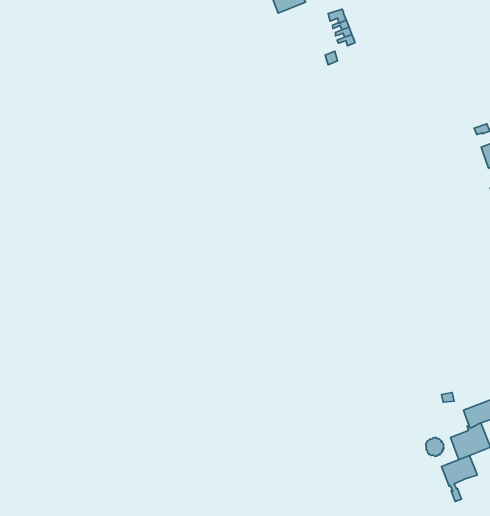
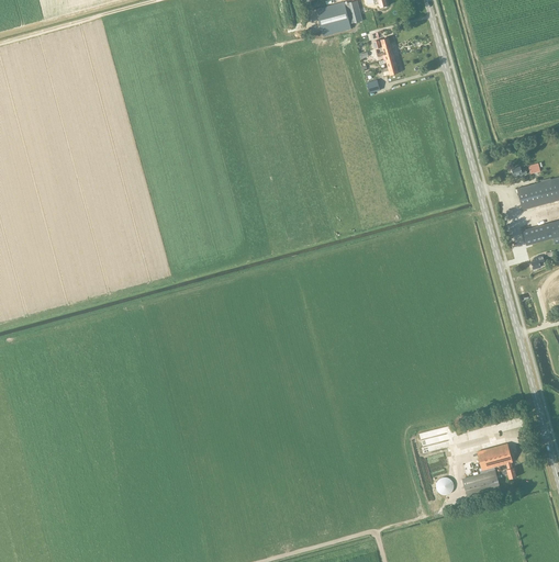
building: [441,456,477,501] -> none

